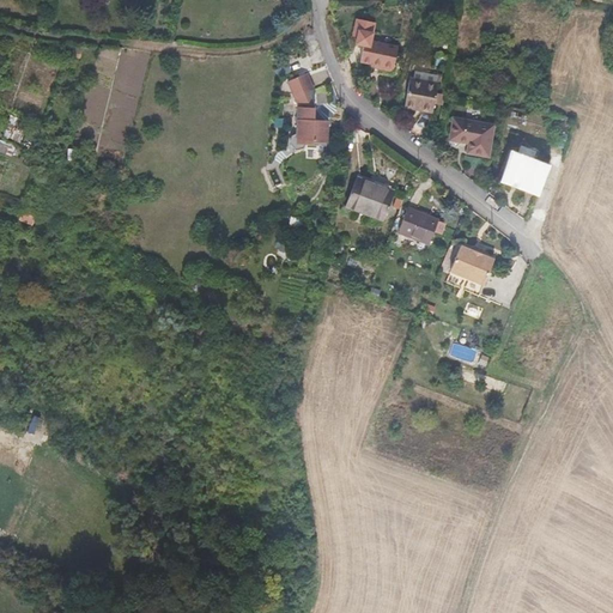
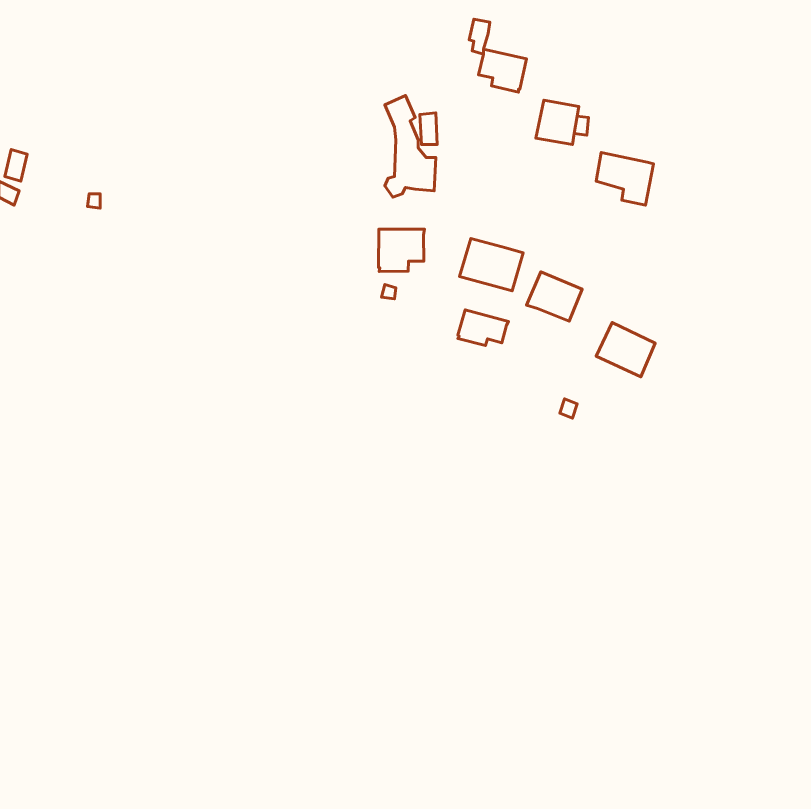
building: [506,153,547,188] -> none
building: none -> [378,229,425,272]
building: none -> [458,310,509,346]

